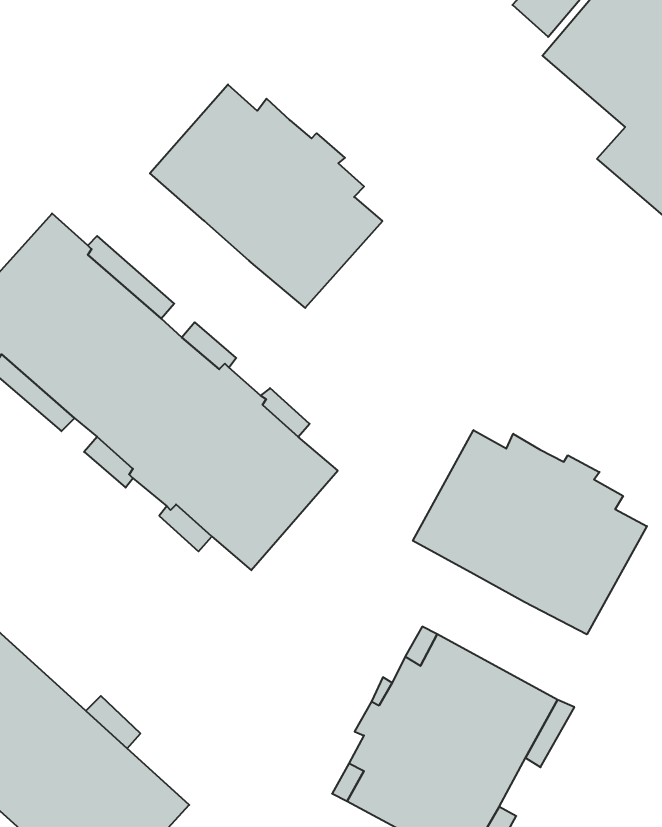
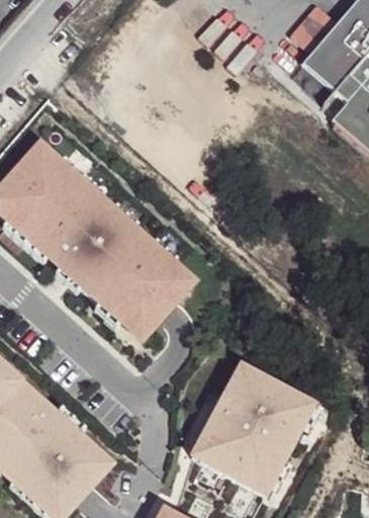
building: [150,84,382,308] -> none
building: [413,430,647,634] -> none

